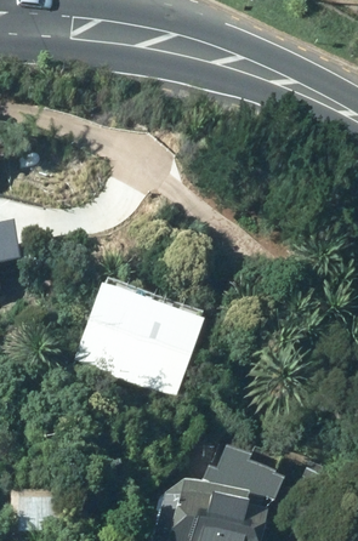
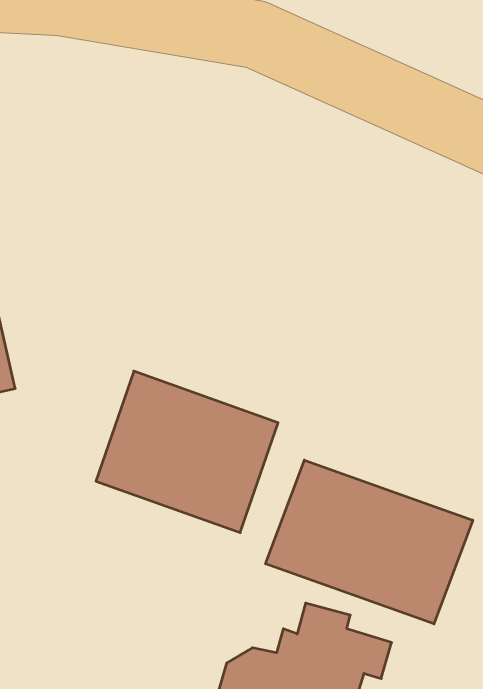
building: none -> [266,460,473,624]

